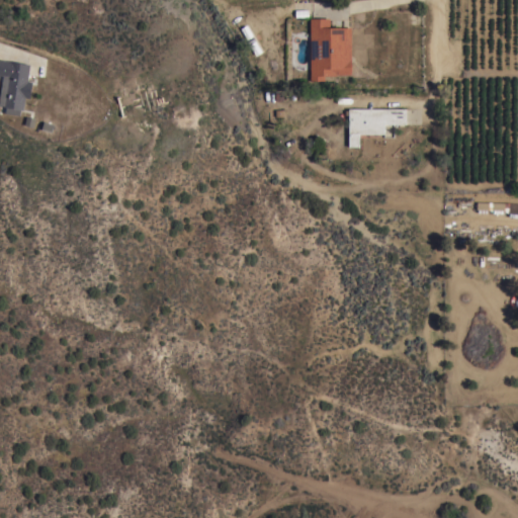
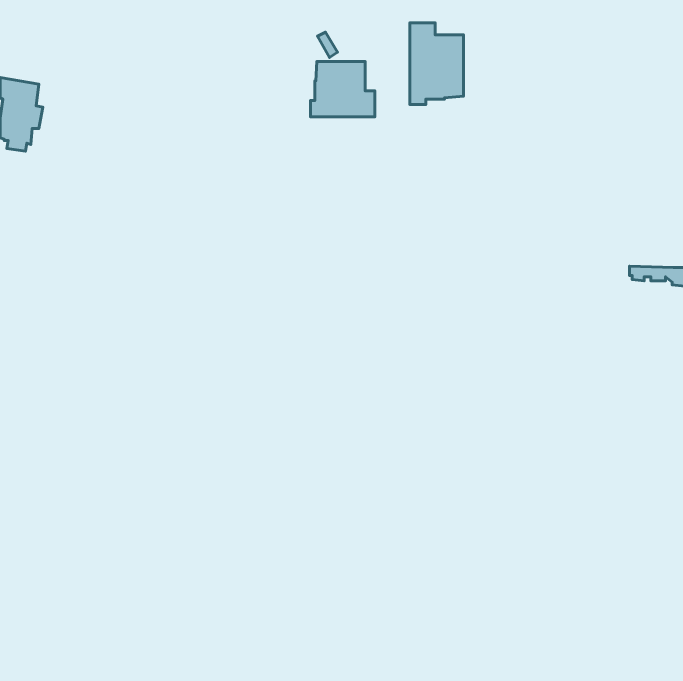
building: none -> [311,62,375,117]
building: [349,109,406,148] -> none

